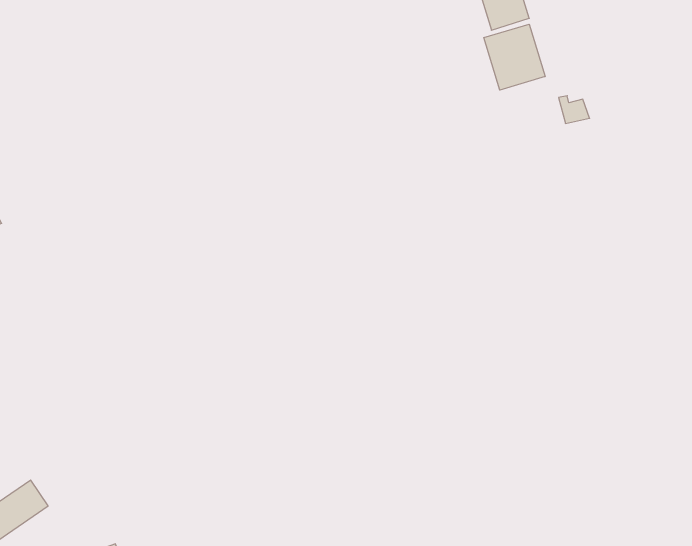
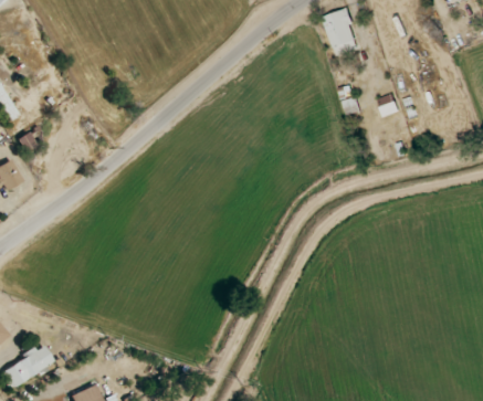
building: [484,24,545,90] -> none

